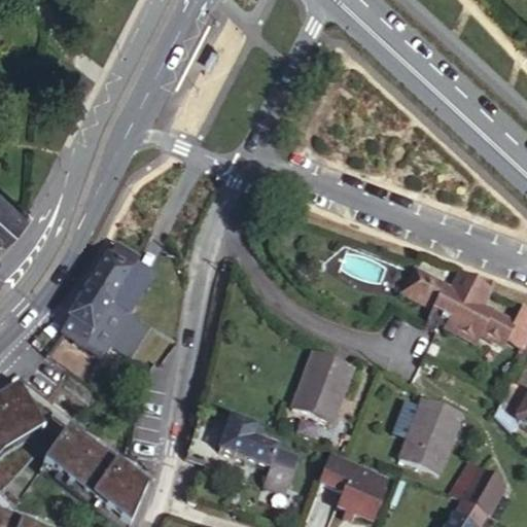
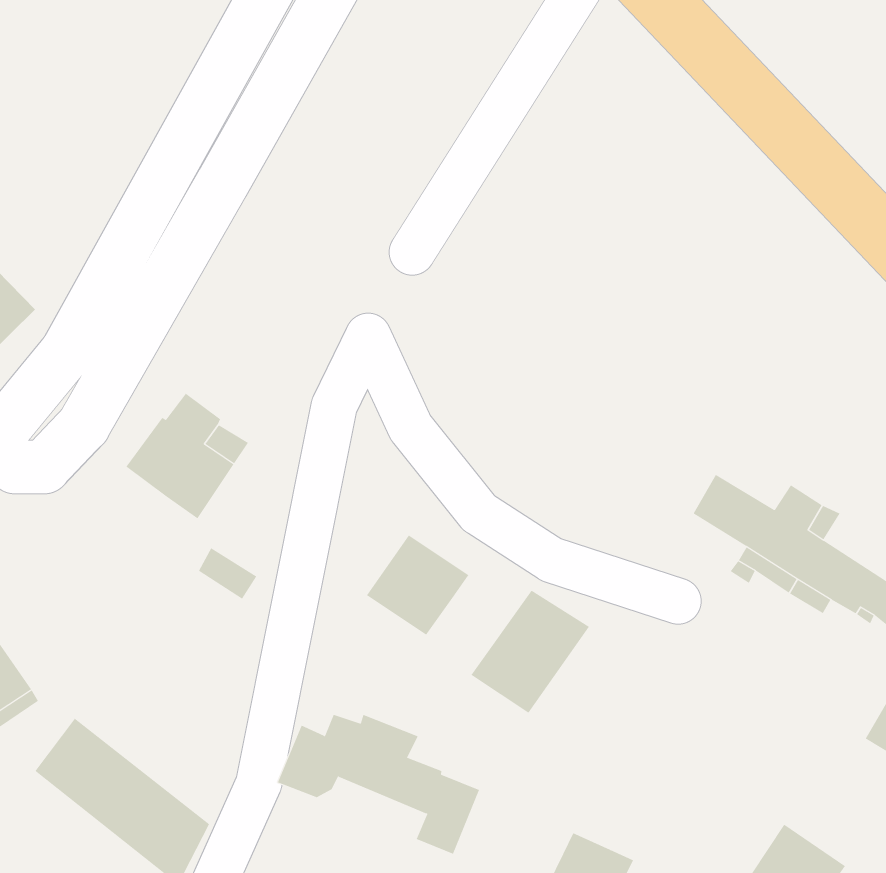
building: [62,287,130,360] -> none
building: none -> [366,535,469,636]
building: [399,393,467,469] -> none
building: [320,451,379,488] -> none

